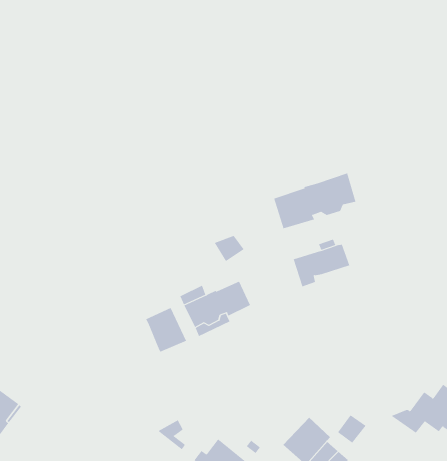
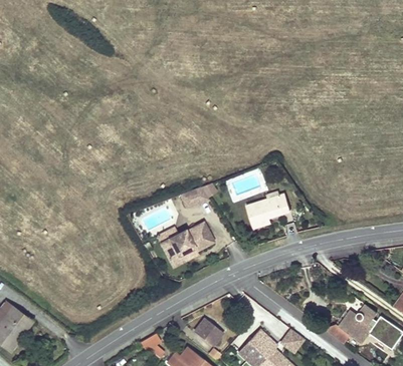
building: [273,172,356,229] -> none
building: [145,307,187,353] -> none
building: none -> [195,319,223,346]

